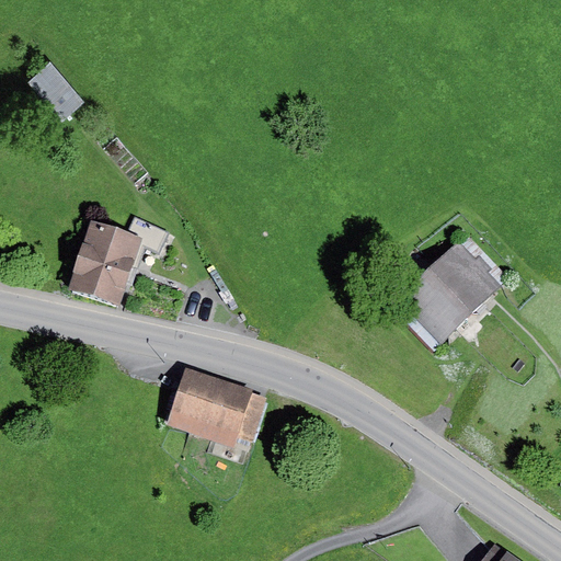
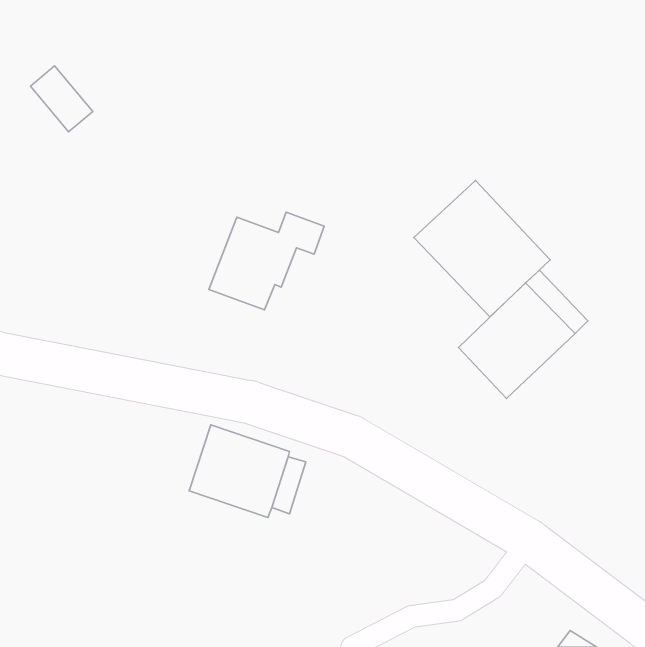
building: none -> [414,180,550,317]
building: [67,220,167,305] -> [209,212,324,310]

